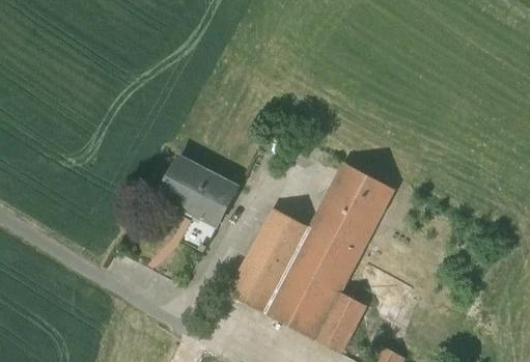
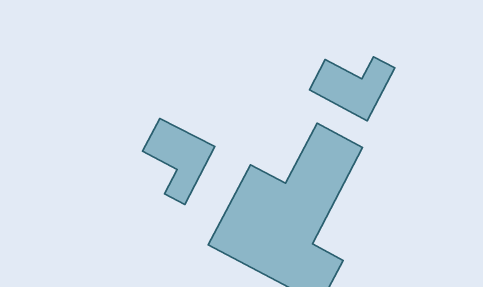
building: none -> [309,57,395,121]

